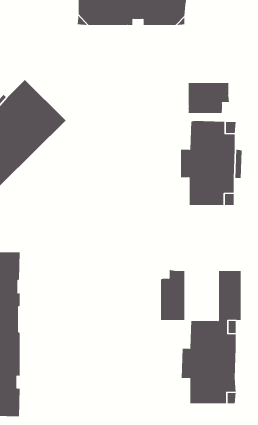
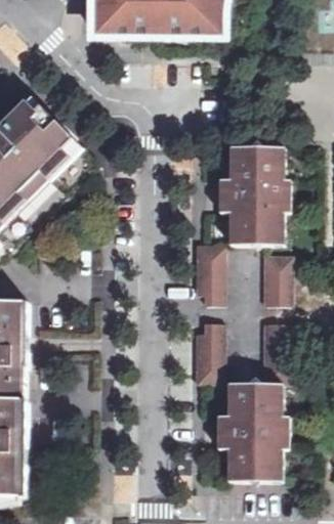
building: [188,82,229,114] -> none
building: none -> [195,243,224,302]
building: none -> [263,254,292,303]

